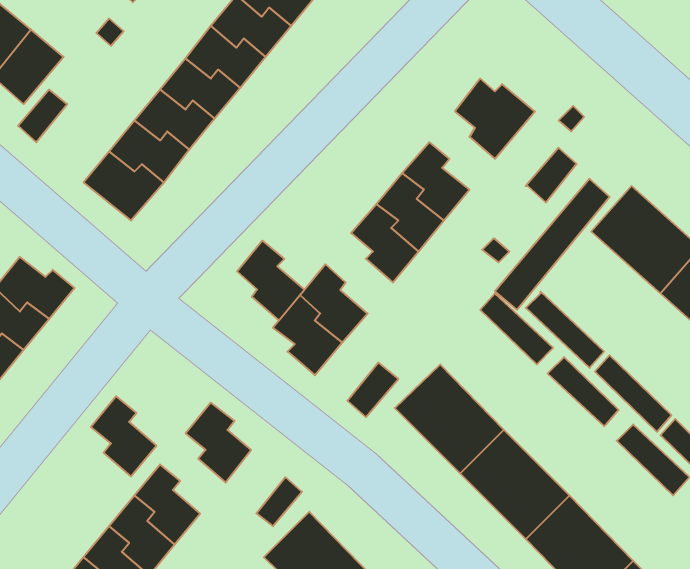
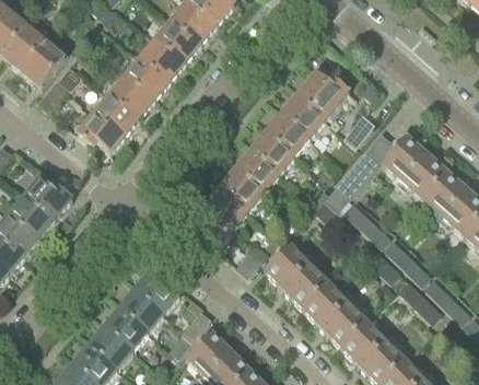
building: none -> [284,91,324,138]
building: [237,241,304,321] -> [222,164,262,212]
building: [91,396,156,476] -> [122,284,162,332]

